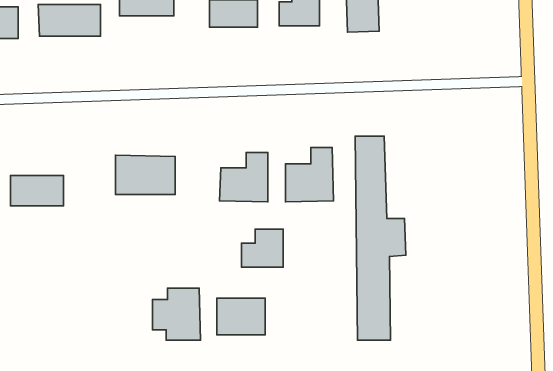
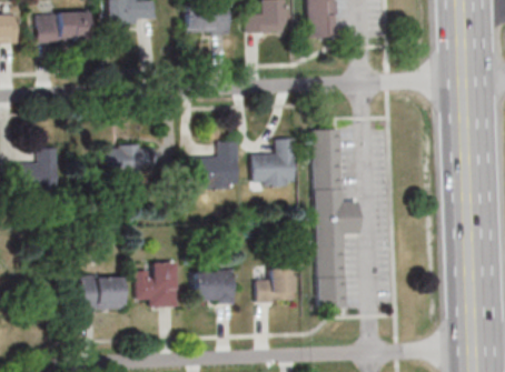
building: [241,229,283,267] -> [257,268,294,301]
building: none -> [81,275,125,308]

